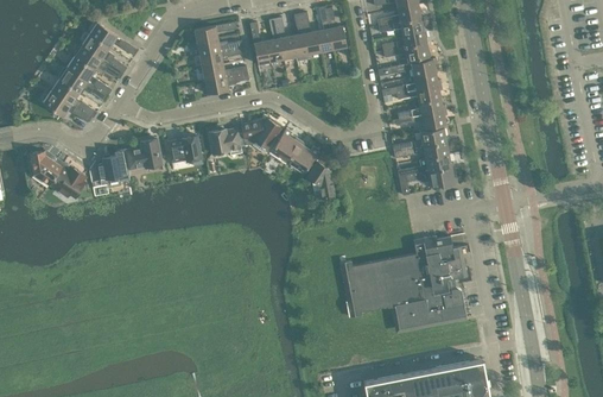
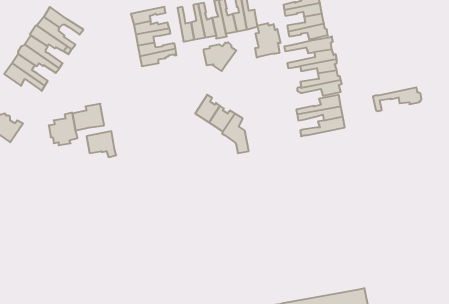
building: none -> [255,23,280,58]
building: [242,119,281,153] -> [204,43,236,71]
building: [209,130,242,156] -> none
building: [169,137,204,168] -> [87,131,116,157]
building: [50,168,85,197] -> none
building: [399,168,457,196] -> [373,87,421,111]
building: [341,237,466,329] -> none

